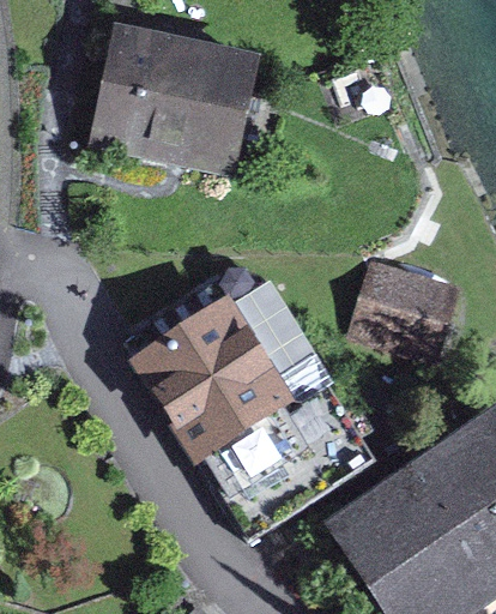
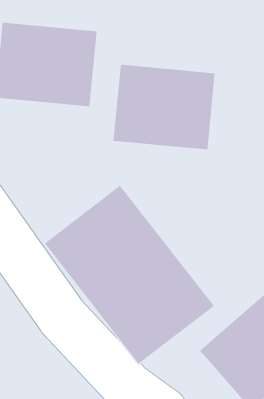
building: none -> [113,64,215,150]
building: [355,270,449,345] -> none

